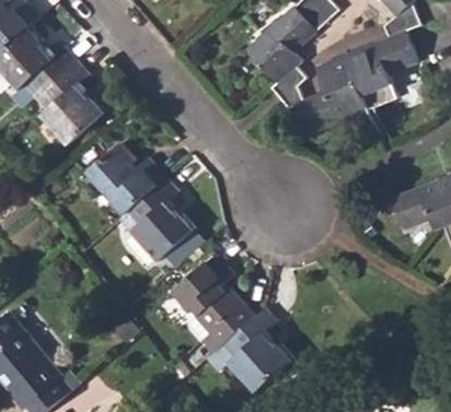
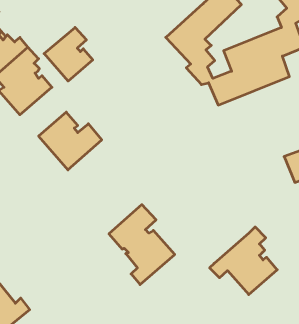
building: none -> [44,27,93,81]
building: [124,176,192,261] -> none
building: [207,309,290,392] -> [210,227,277,295]

